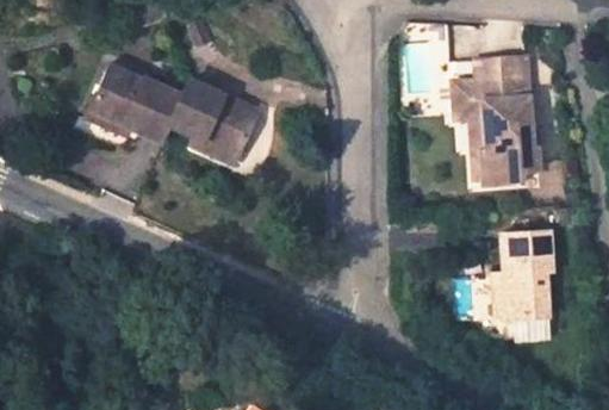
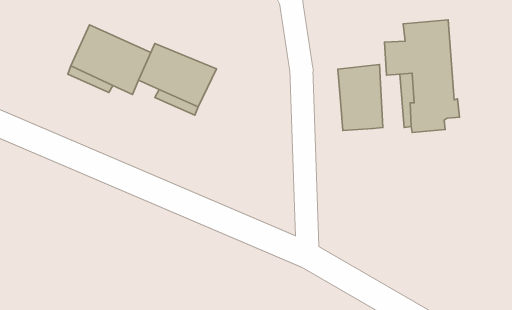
building: none -> [338,65,383,131]
building: [502,232,555,321] -> none

